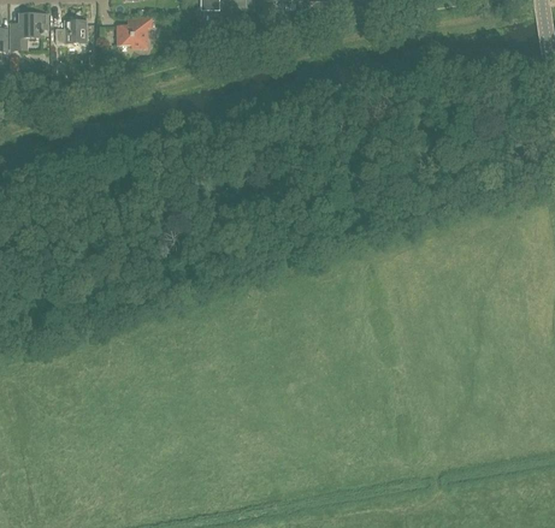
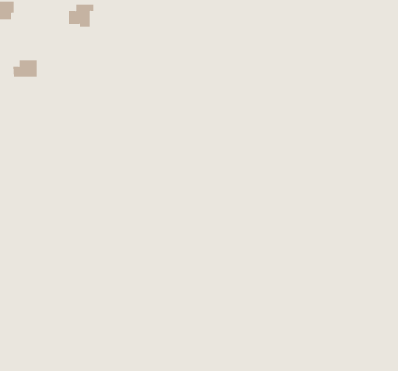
building: [55,18,88,41] -> [12,60,37,77]

